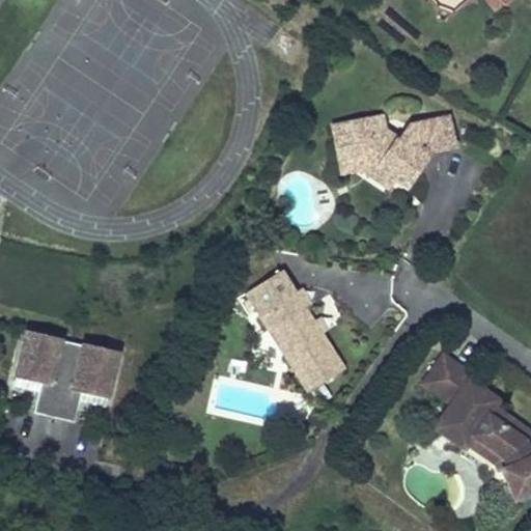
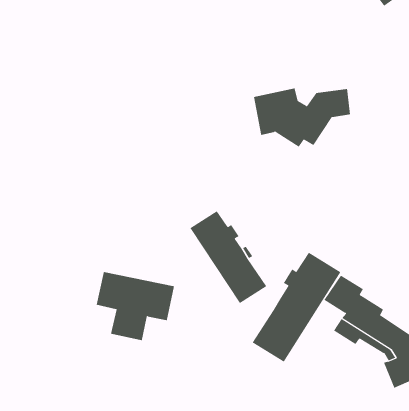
building: none -> [252,252,341,363]
building: [13,334,115,423] -> [96,272,175,341]

